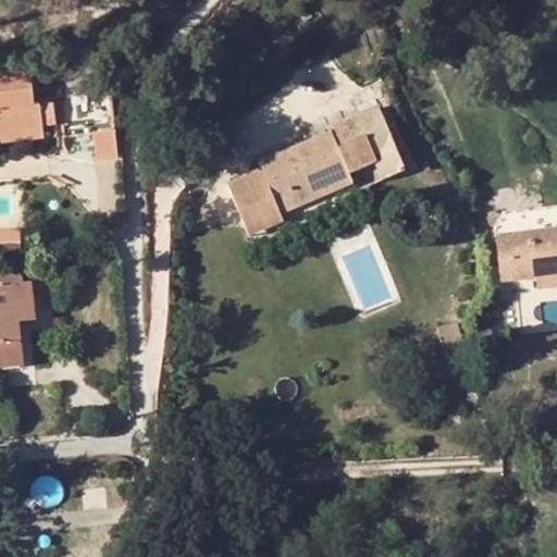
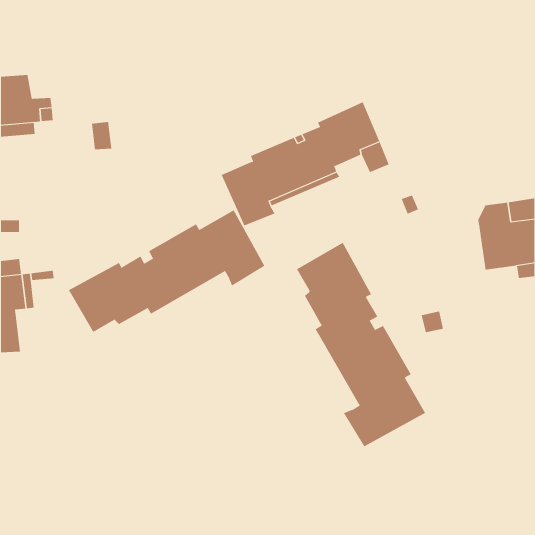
building: none -> [68,210,265,333]
building: none -> [296,242,426,447]

